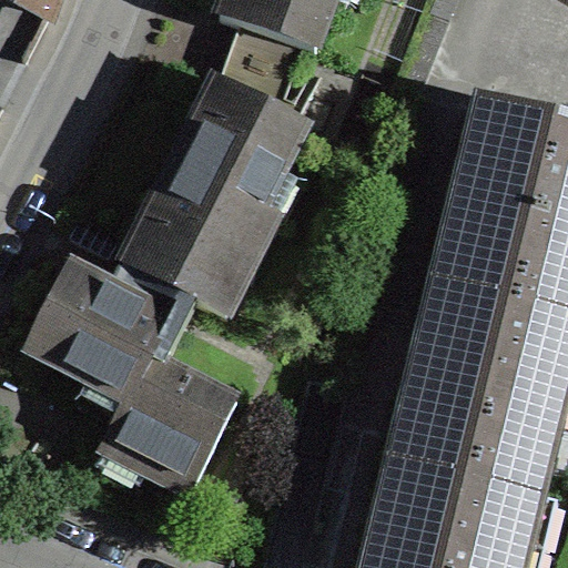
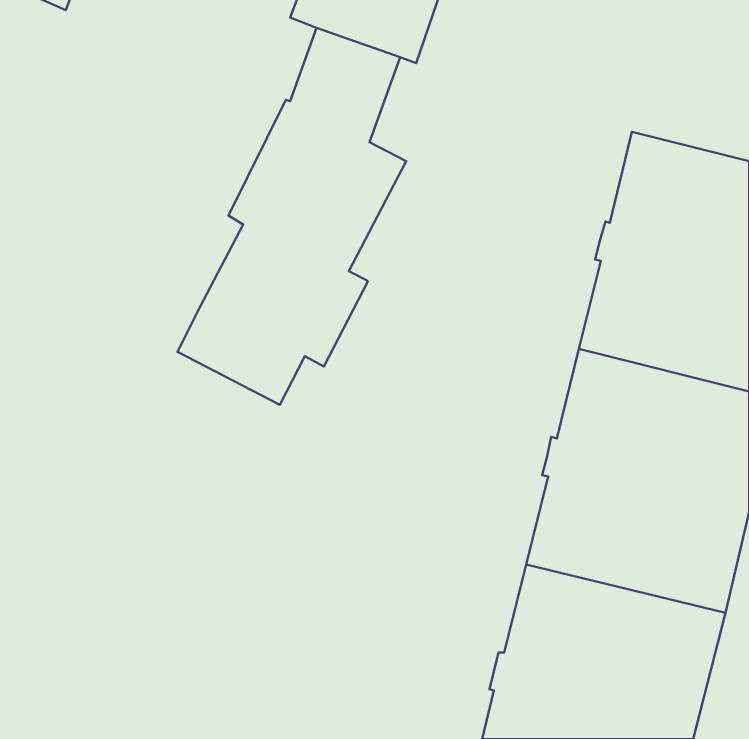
building: [26,261,236,489] -> none

